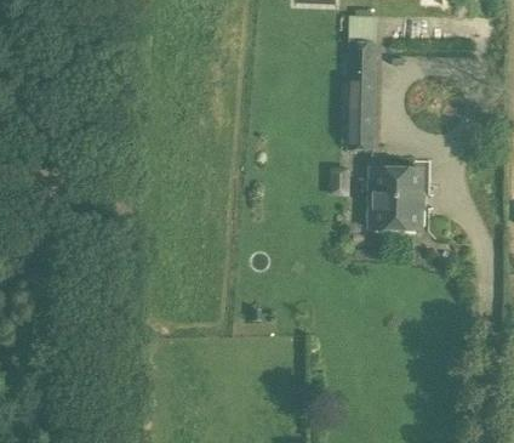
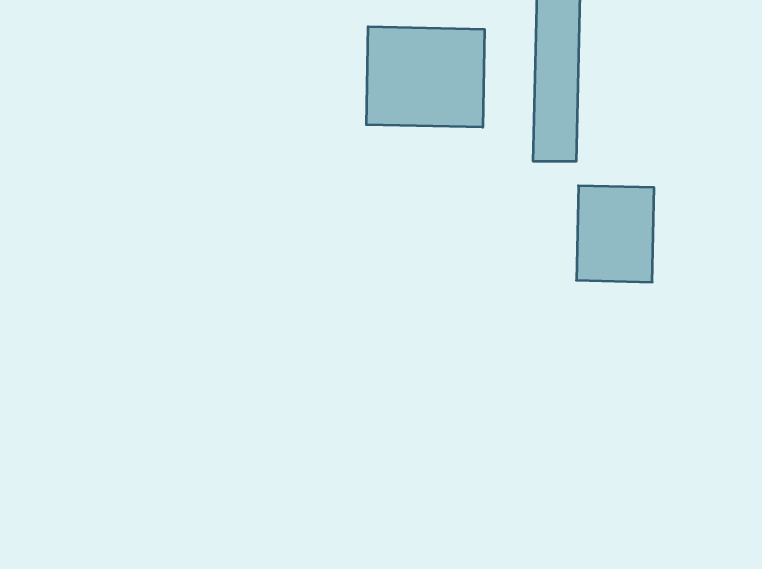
building: none -> [366,27,484,127]

